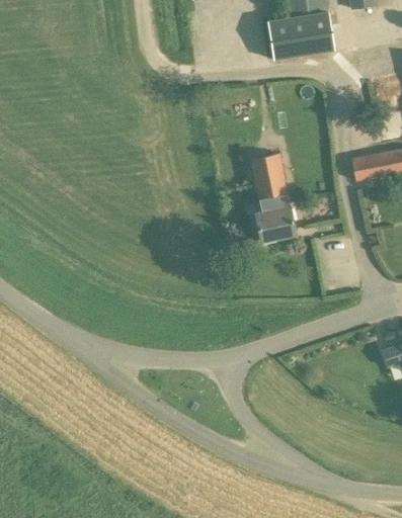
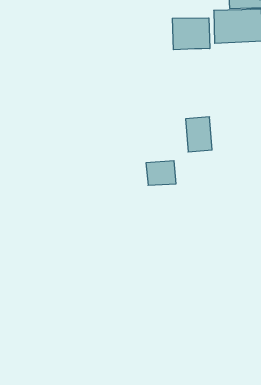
building: none -> [172,18,210,50]
building: [256,206,297,241] -> [146,161,176,185]

